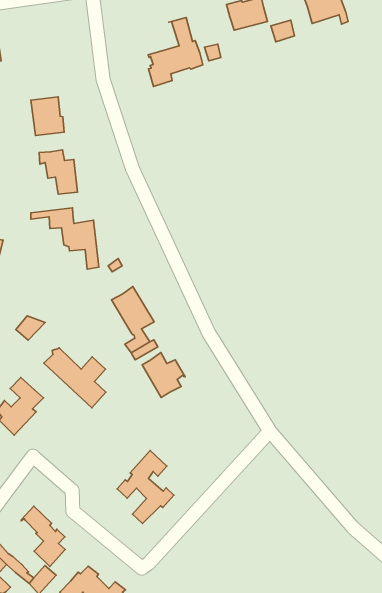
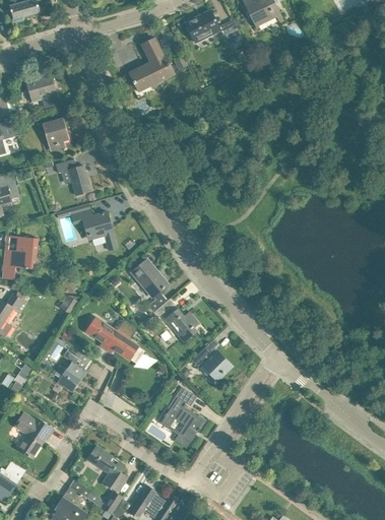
building: none -> [25,73,58,108]
building: none -> [191,345,232,381]

